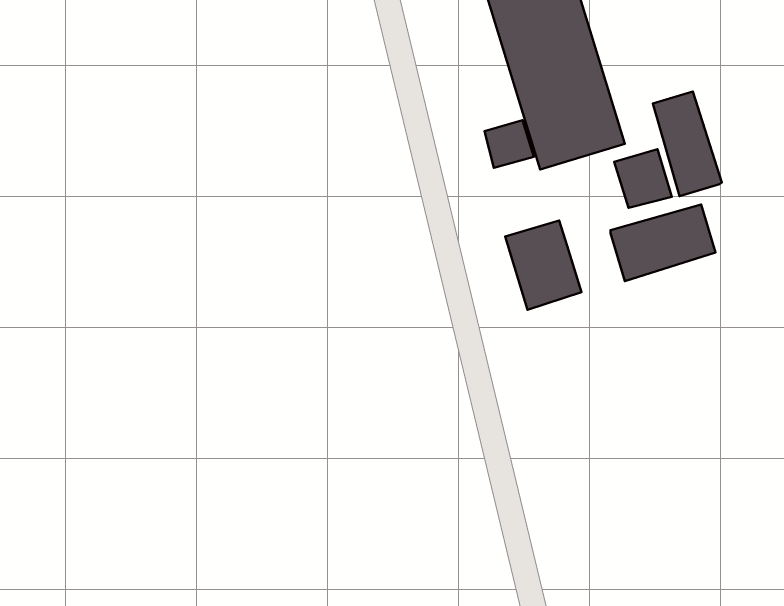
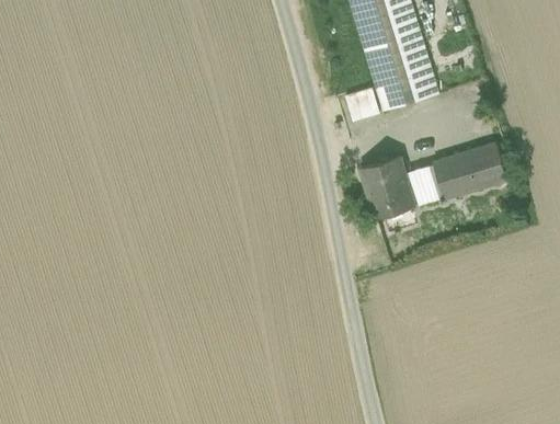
building: [653,91,722,196] -> none
building: [614,149,672,208] -> [404,164,444,205]

